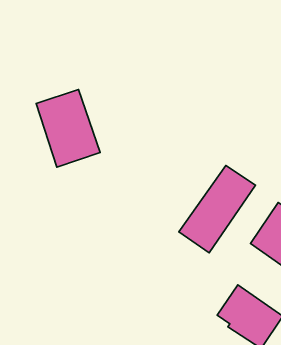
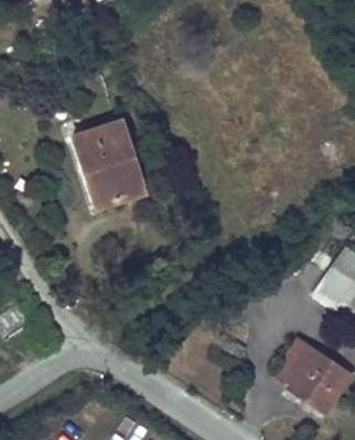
building: [179,165,255,253] -> none

